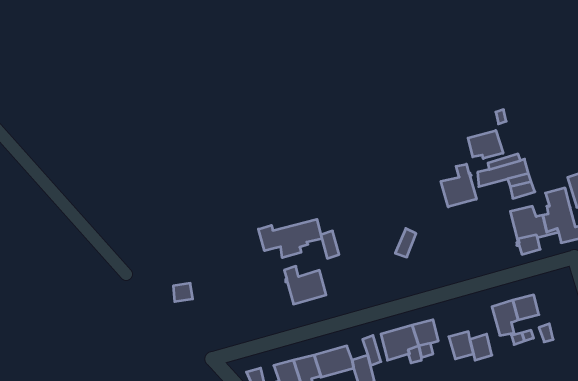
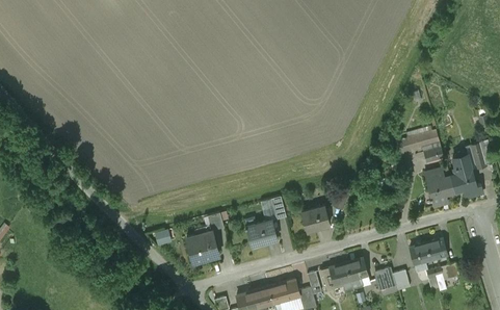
building: [468,130,503,159] -> none
building: [441,164,476,207] -> none
building: [258,219,322,258] -> none
building: none -> [301,205,330,231]
building: none -> [186,230,218,262]

